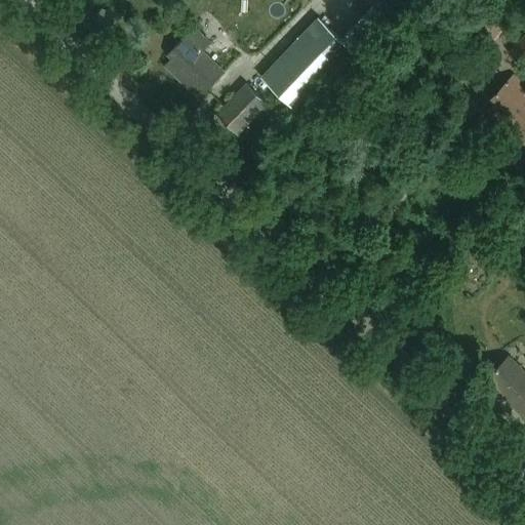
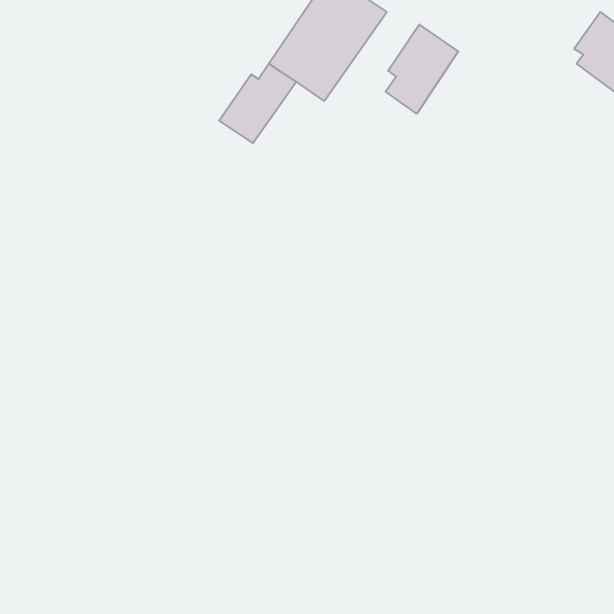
building: [166,29,226,96] -> none
building: none -> [386,24,458,114]

